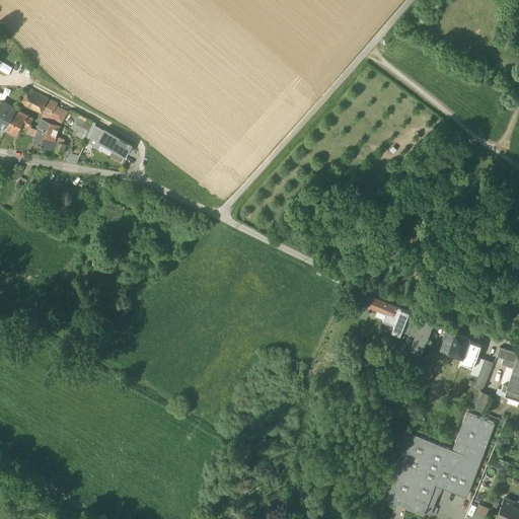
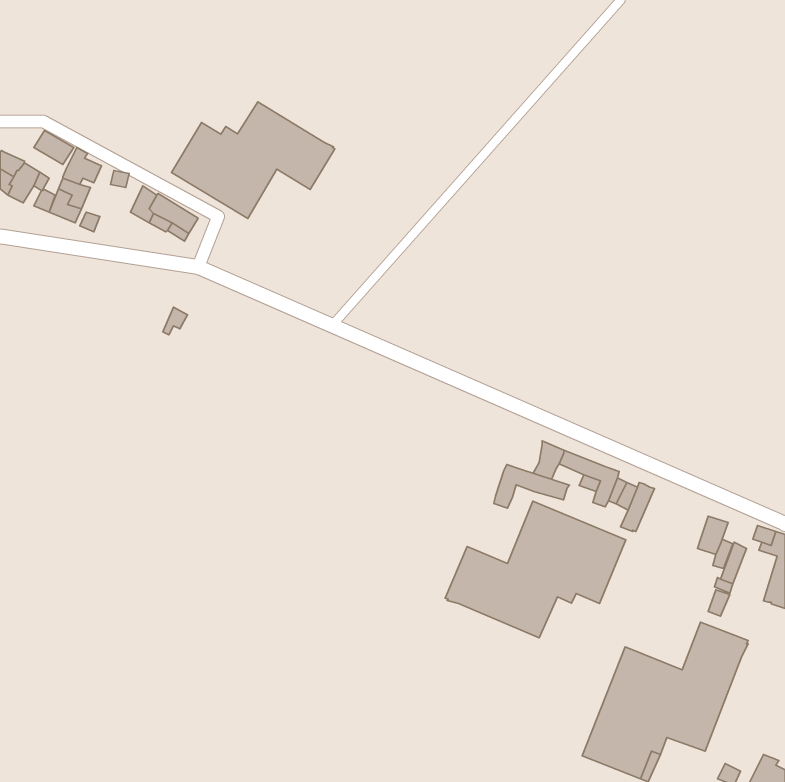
building: none -> [171,102,335,218]
building: none -> [494,464,569,508]
building: [440,329,469,358] -> none
building: none -> [445,501,626,638]

